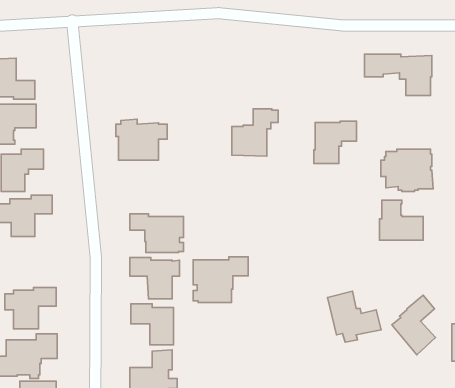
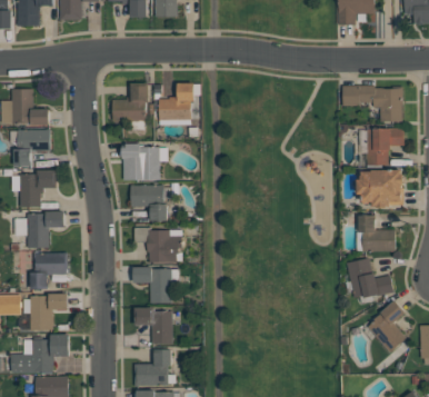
building: none -> [112,83,149,130]
building: [232,109,278,156] -> [159,83,200,126]
building: [314,121,356,164] -> [366,128,403,166]
building: none -> [130,186,167,221]
building: none -> [30,251,67,290]
building: [193,257,248,302] -> none
building: [328,291,381,342] -> [346,258,393,304]

